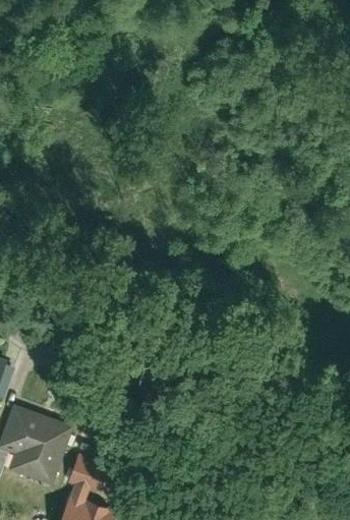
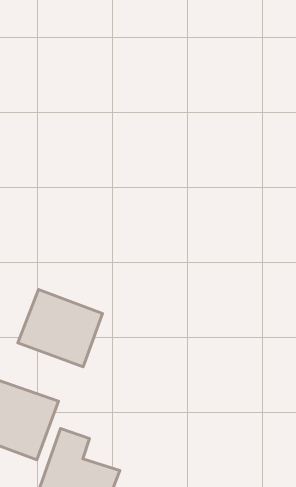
building: none -> [18,289,102,367]

